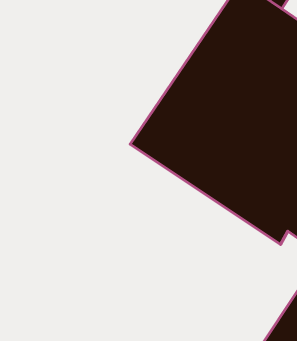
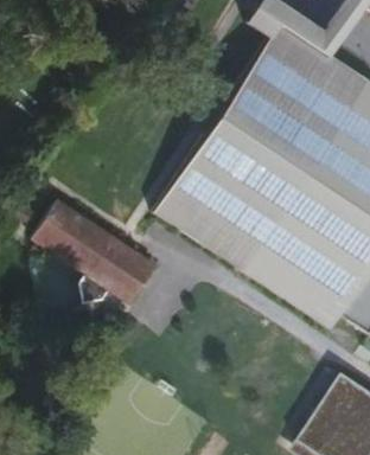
building: none -> [32,199,155,302]

